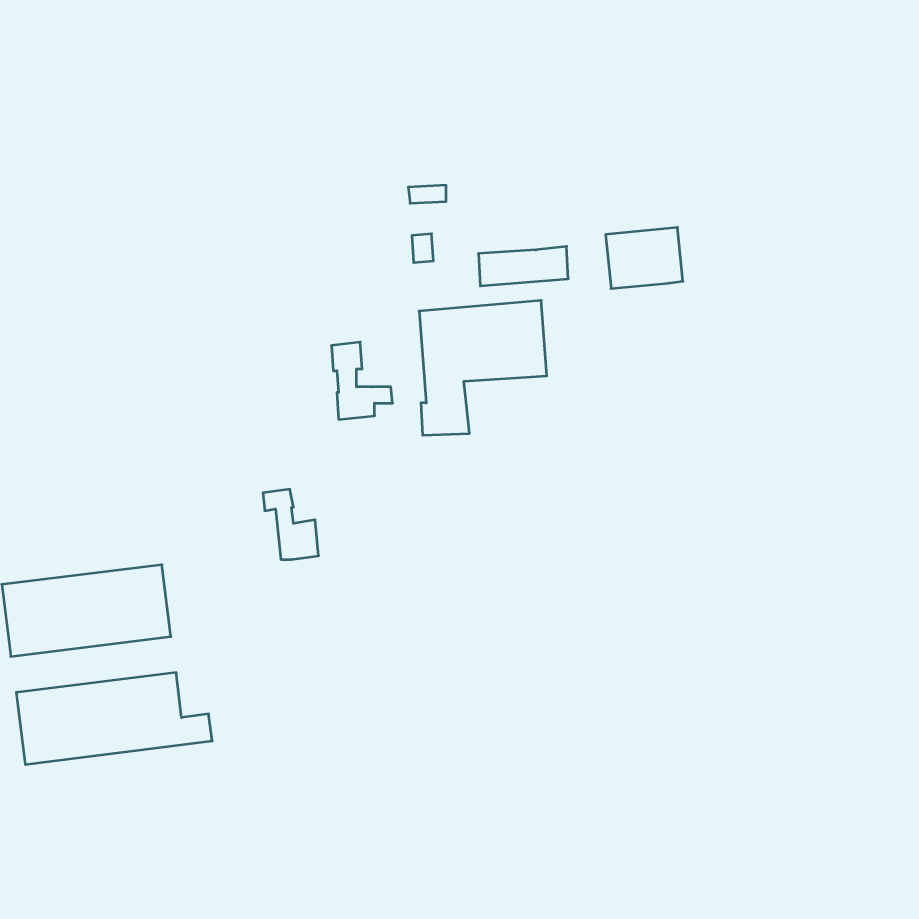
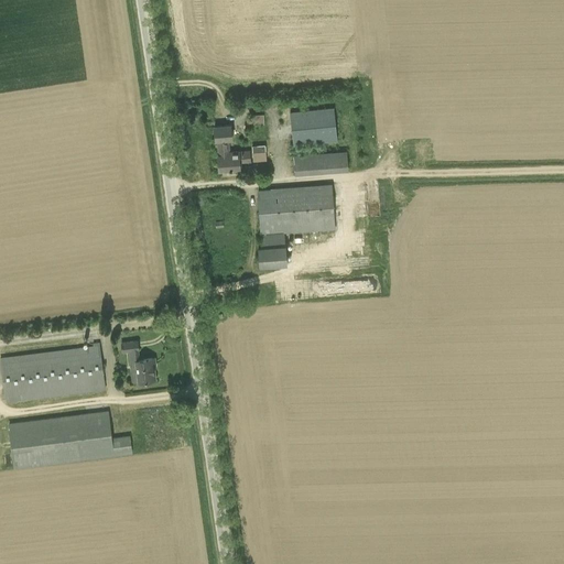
building: [606,227,683,289] -> [290,108,337,145]
building: [331,342,393,419] -> [214,124,251,172]
building: [263,489,319,559] -> [121,339,155,382]

